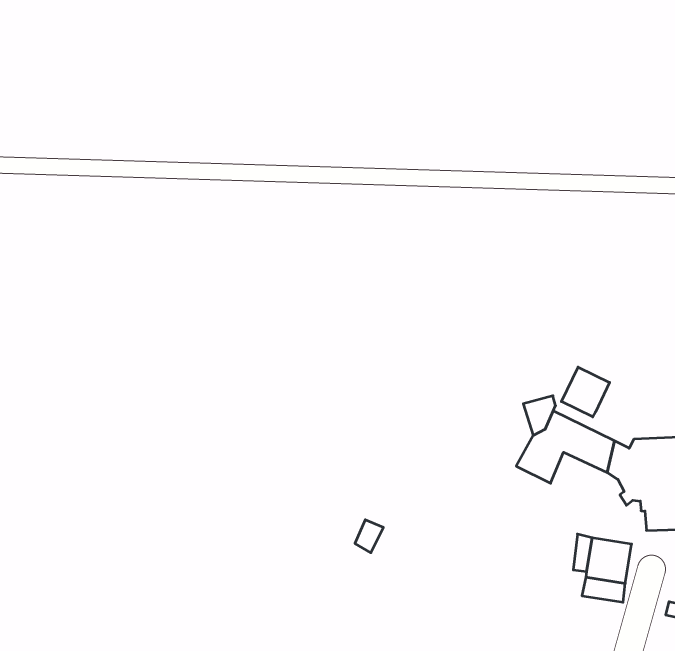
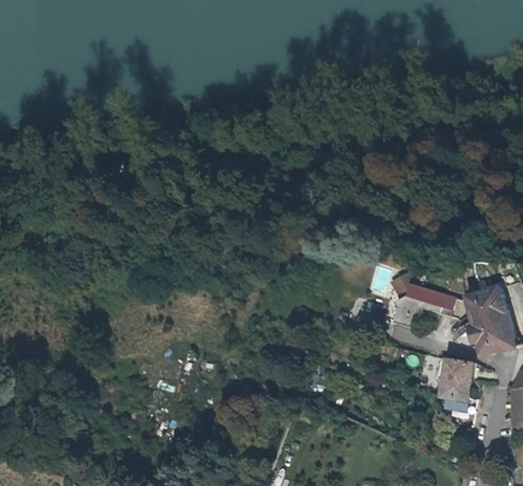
building: [561,367,610,417] -> none

